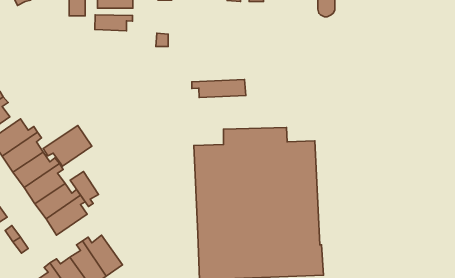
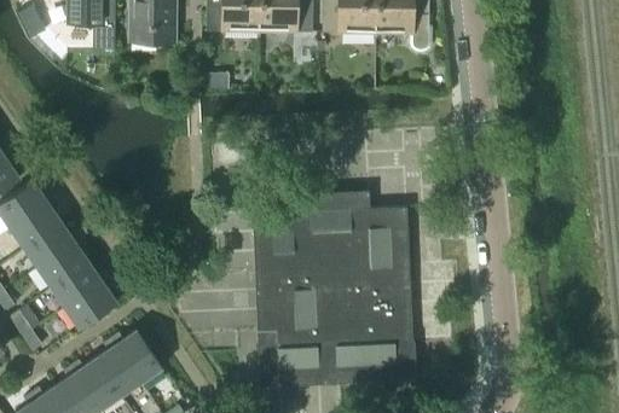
building: [95,15,133,31] -> none
building: [192,80,246,98] -> none
building: [43,126,92,166] -> none
building: [70,172,98,207] -> none

